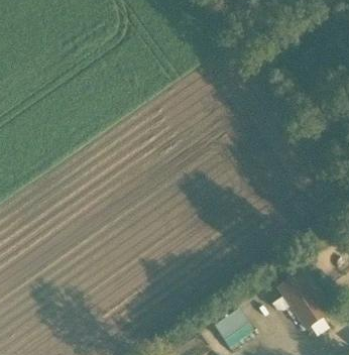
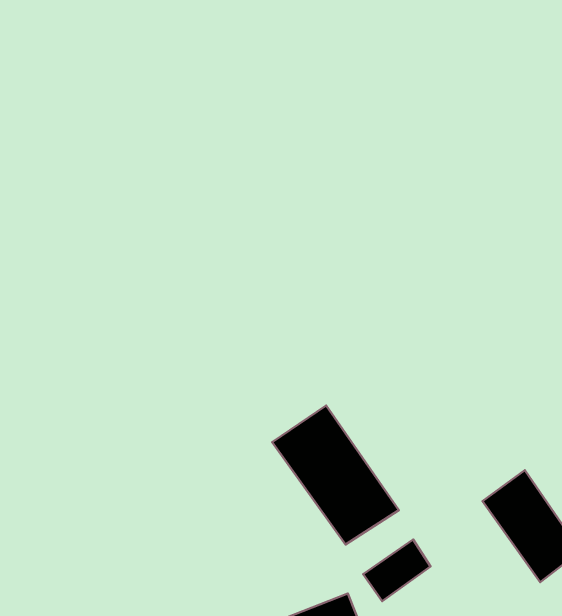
building: none -> [272,405,399,545]

